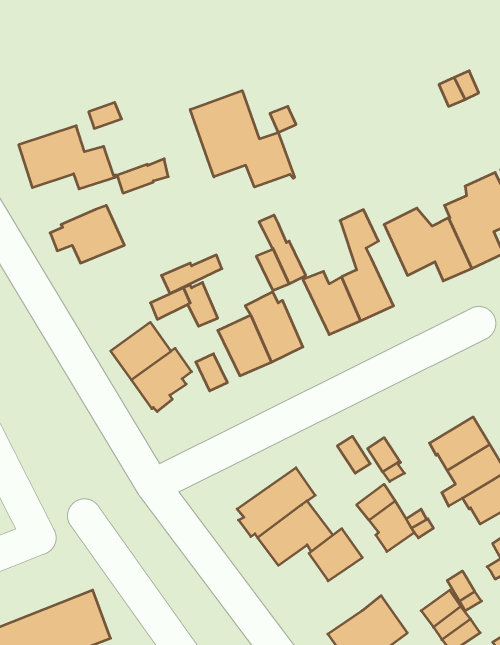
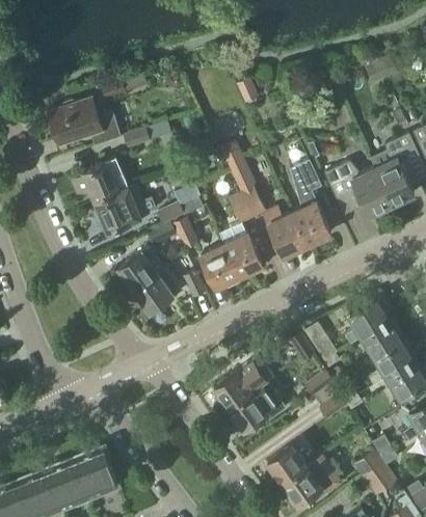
building: [190,91,295,187] -> none
building: none -> [92,185,156,234]
building: none -> [345,297,392,344]
building: [309,529,362,581] -> [267,443,308,483]

